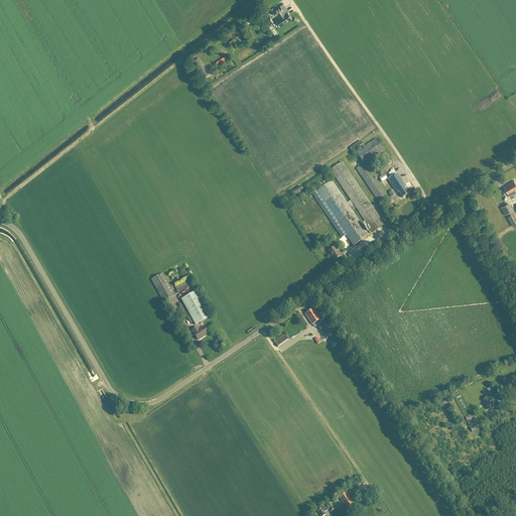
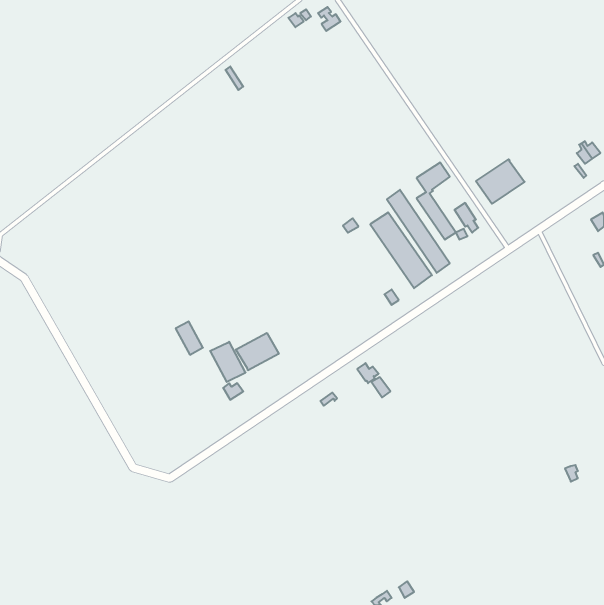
building: none -> [476,159,525,204]
building: none -> [236,333,279,370]

